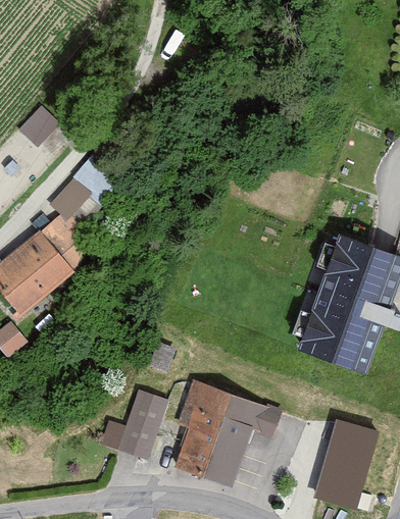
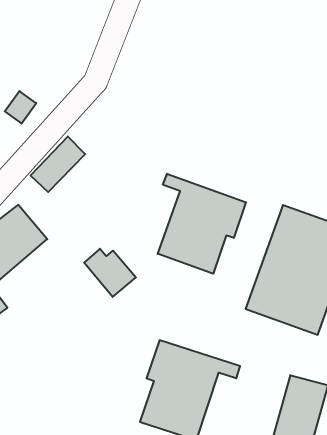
building: none -> [158,174,246,274]
building: [39,216,96,269] -> [84,249,136,297]
building: [100,391,167,462] -> none

